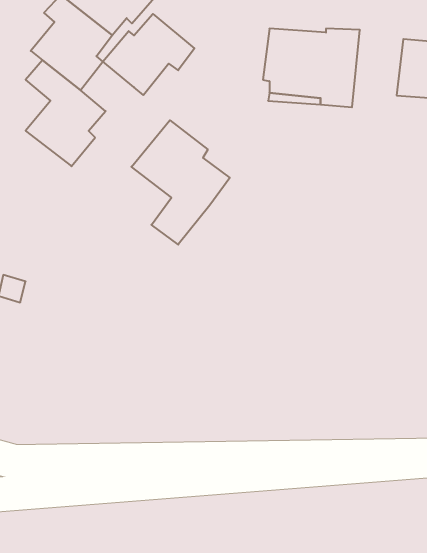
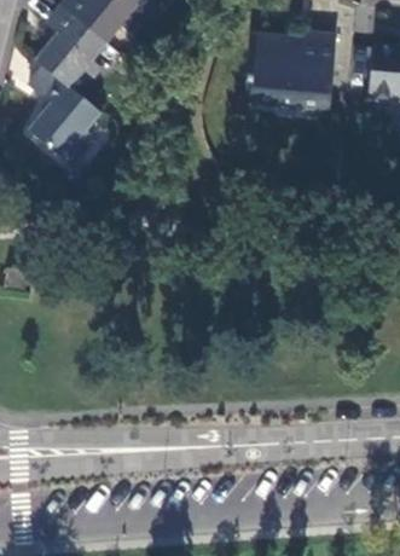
building: [103,14,194,95] -> none
building: [131,120,230,245] -> none

